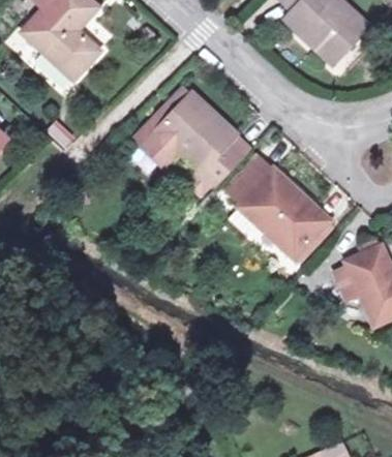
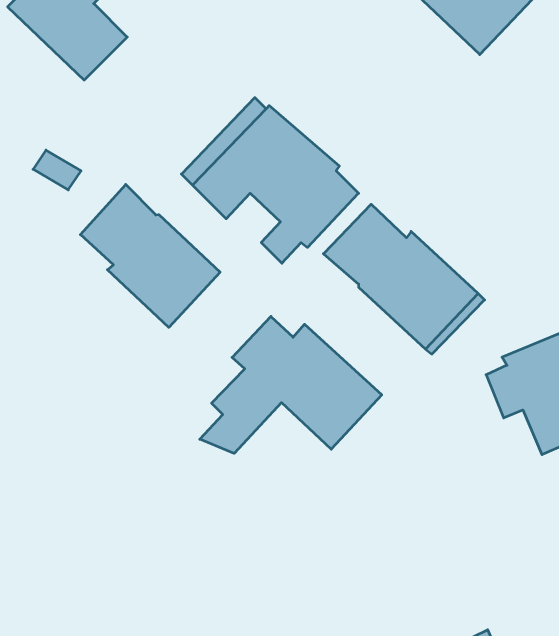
building: none -> [80,184,220,327]
building: none -> [200,316,382,453]

